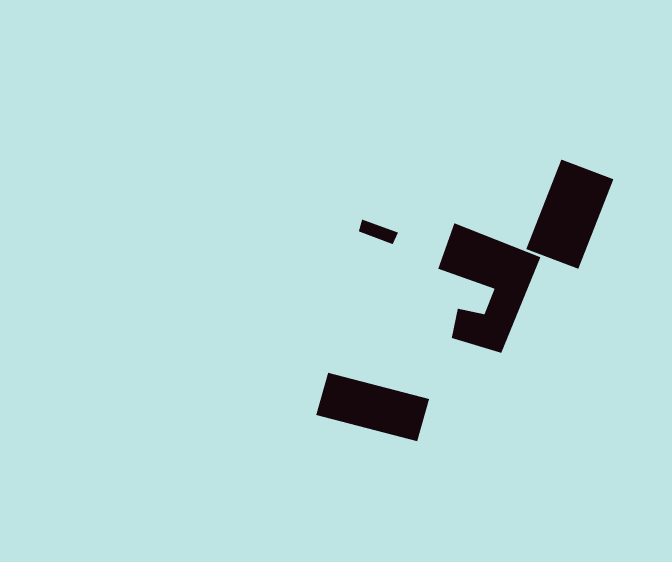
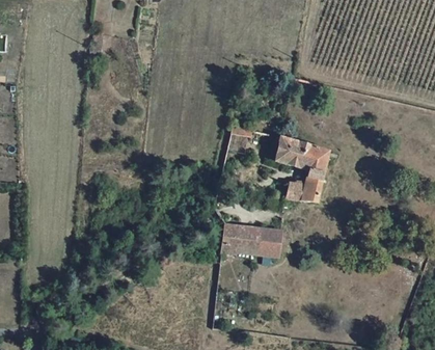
building: [525,159,615,270] -> none

